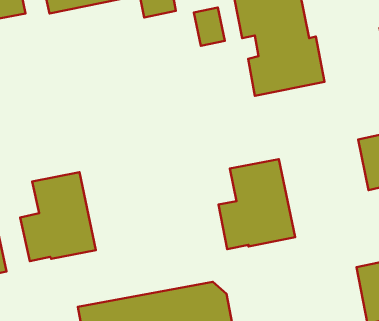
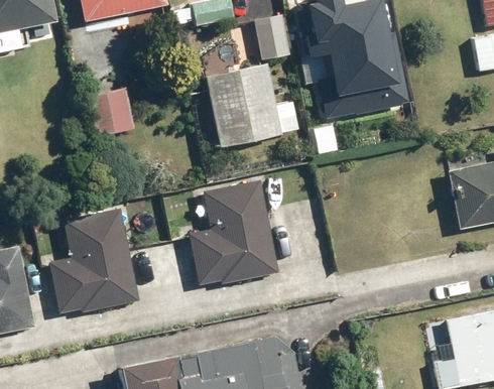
building: none -> [206,63,299,147]
building: none -> [86,88,135,137]
building: [219,159,295,249] -> [190,180,279,286]

